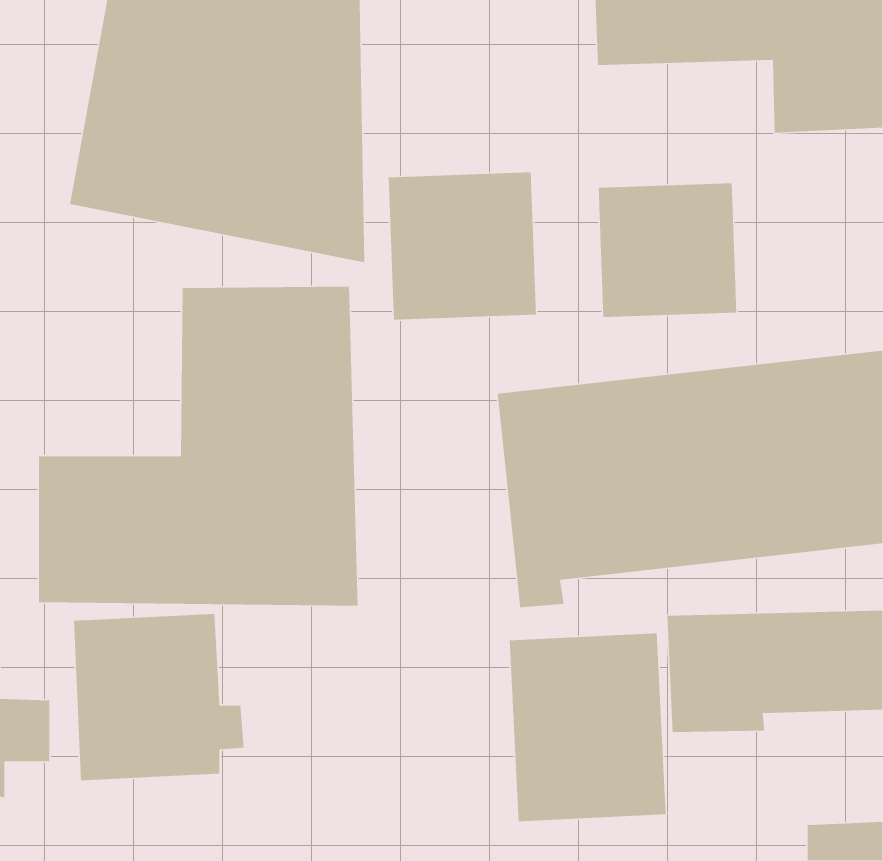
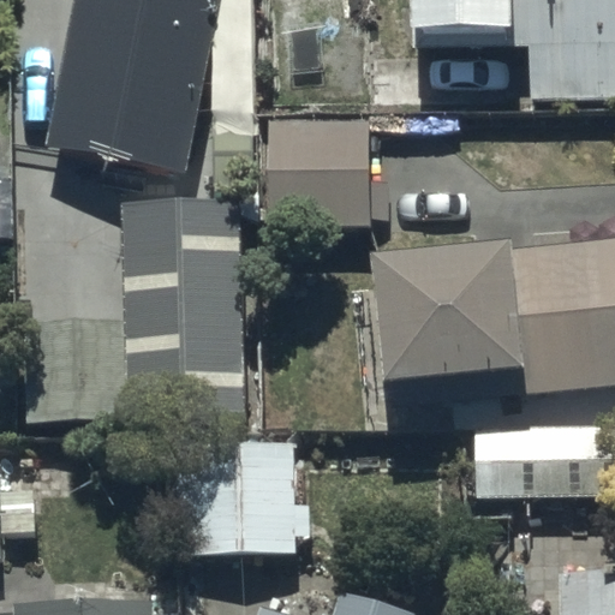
building: [598,182,737,318] -> none
building: [73,613,245,781] -> [191,437,310,554]
building: [509,632,666,822] -> none

